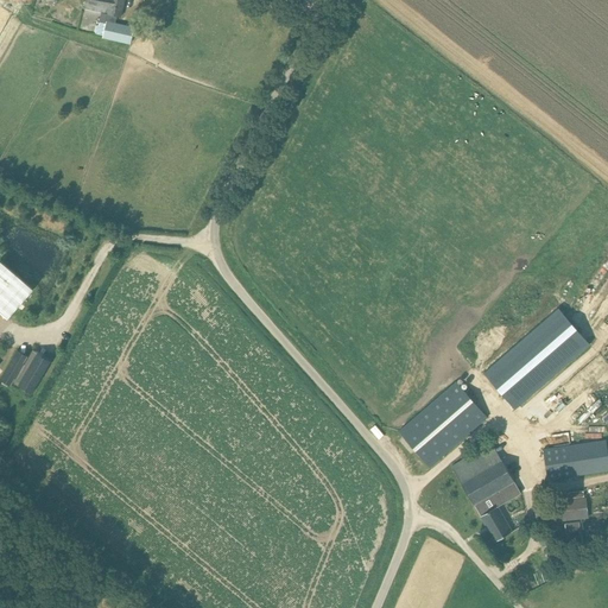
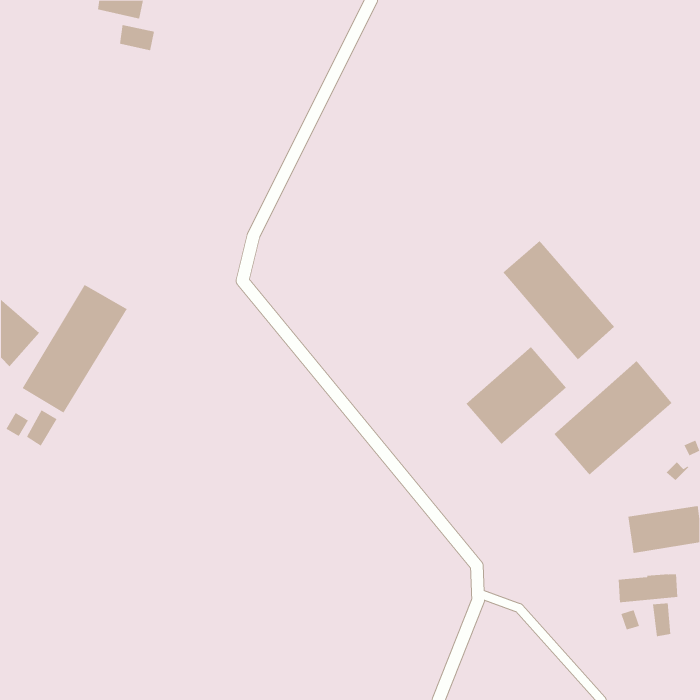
building: none -> [503,240,615,360]
building: none -> [22,284,127,413]
building: [399,381,487,467] -> [465,346,567,445]
building: [452,443,521,540] -> none

